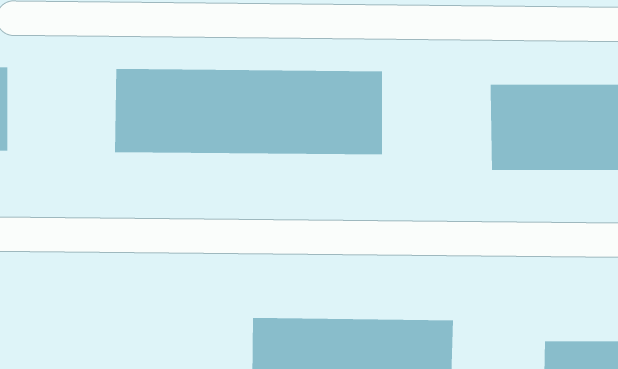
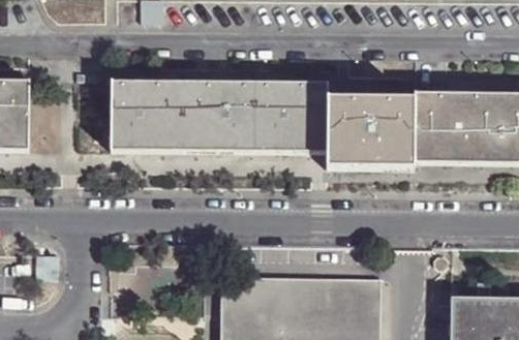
building: none -> [328,97,415,166]

